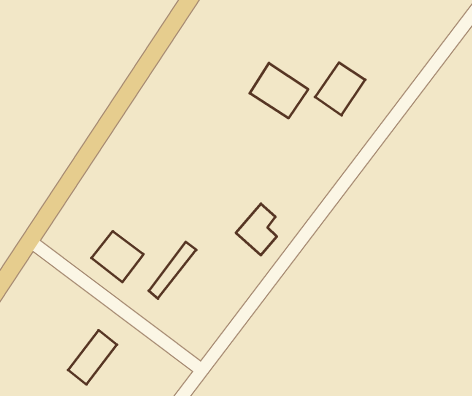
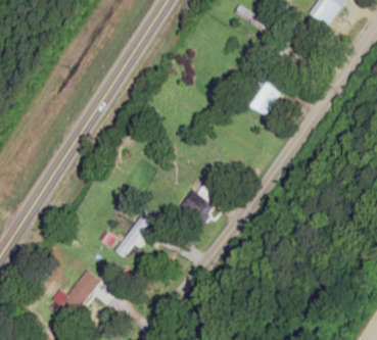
building: [250,63,308,118] -> none
building: [91,231,143,282] -> none

